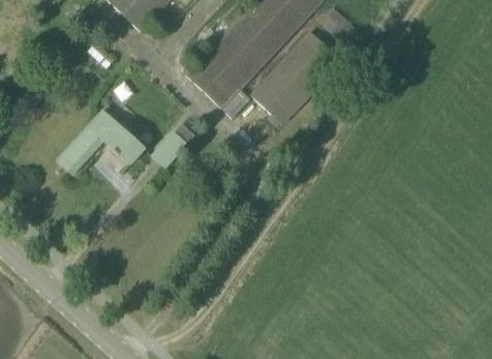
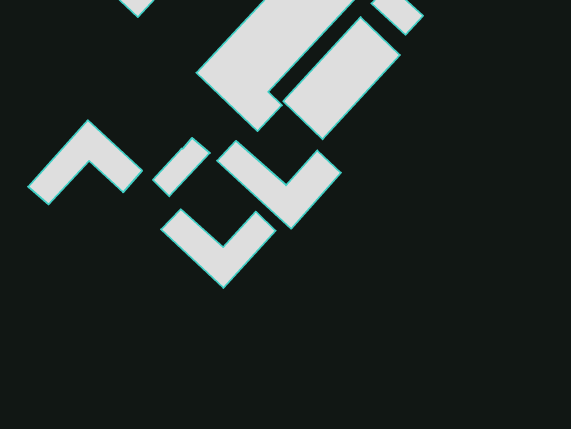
building: none -> [217,141,341,229]
building: none -> [161,209,276,288]

